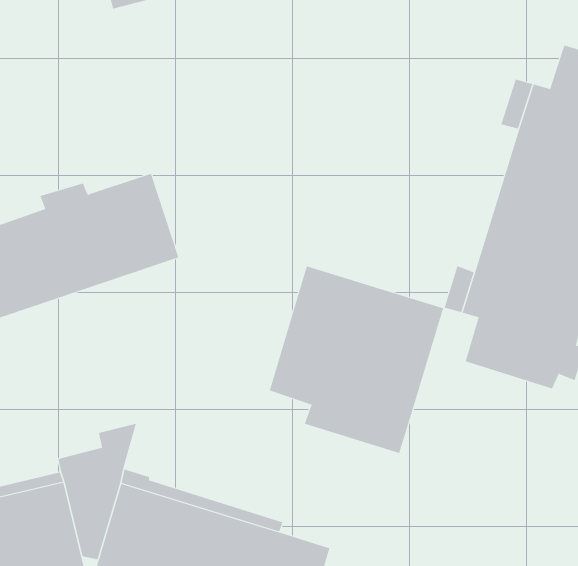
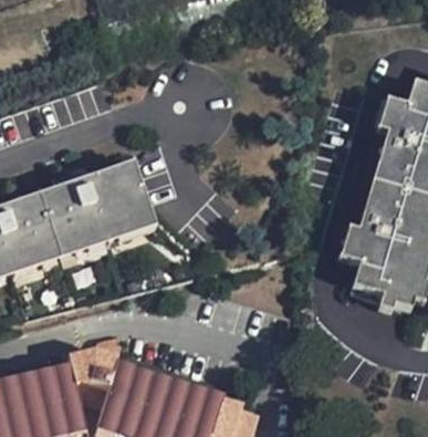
building: [269,265,444,454] -> none

